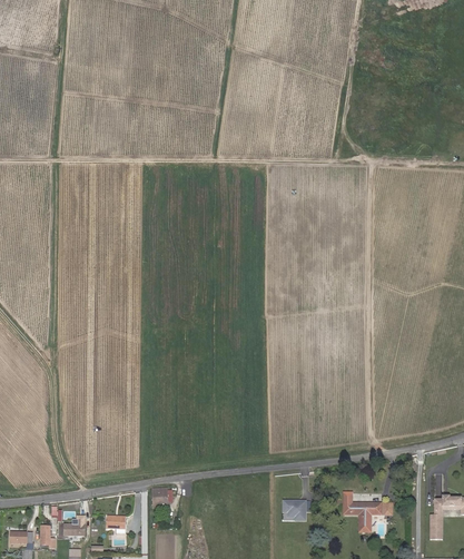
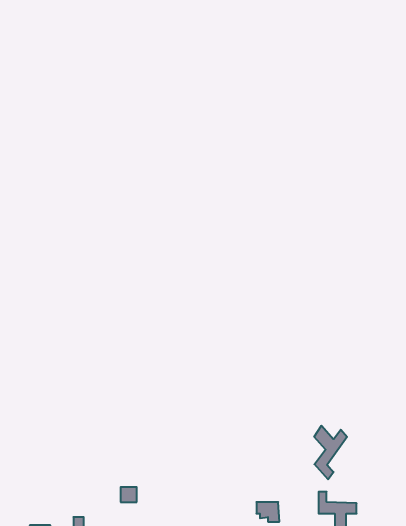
building: none -> [314,426,347,479]

